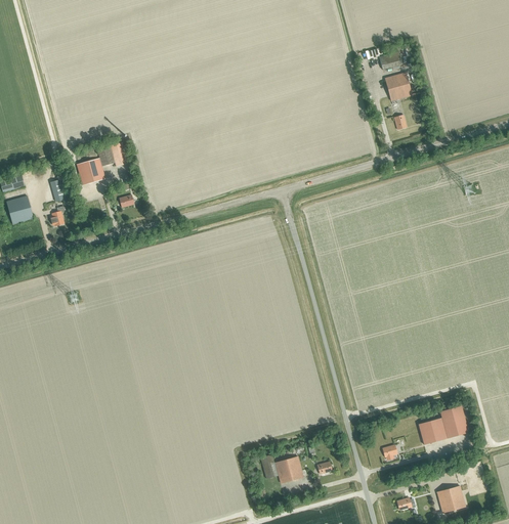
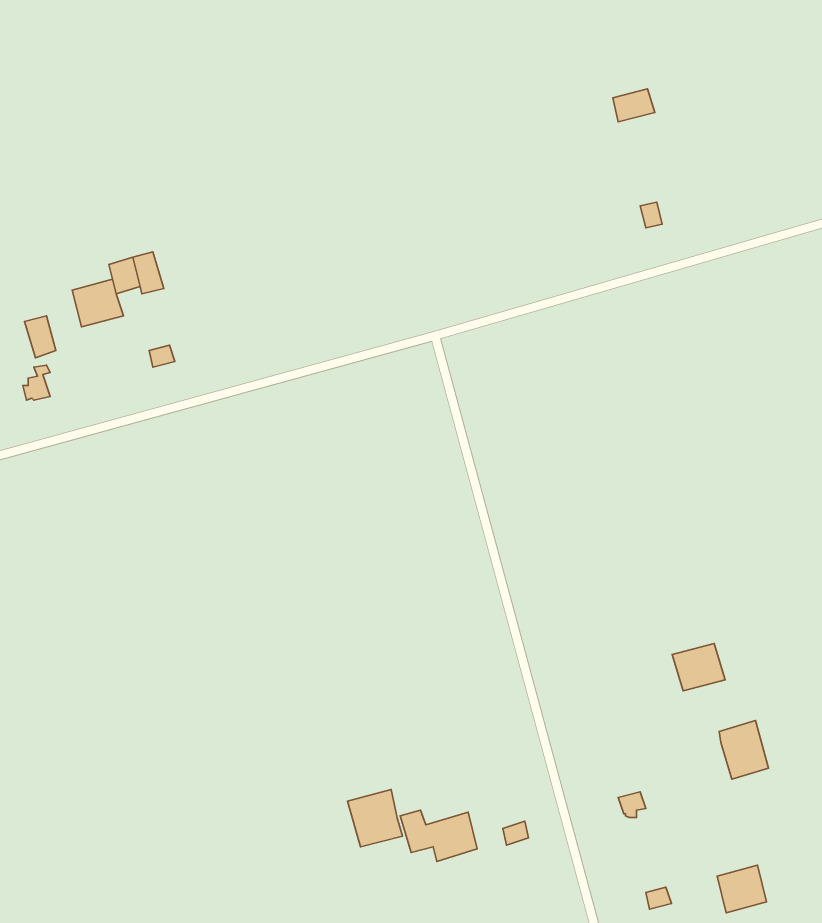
building: [385,73,412,100] -> none
building: [416,417,446,443] -> [672,643,725,691]
building: none -> [348,789,402,847]

